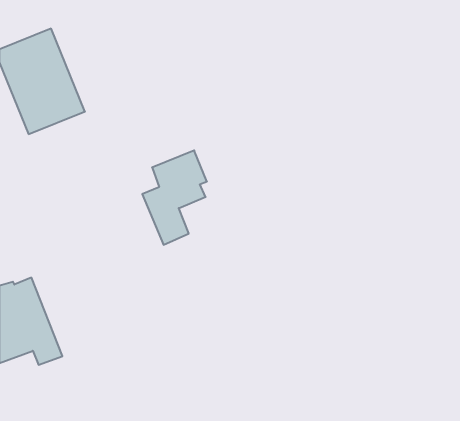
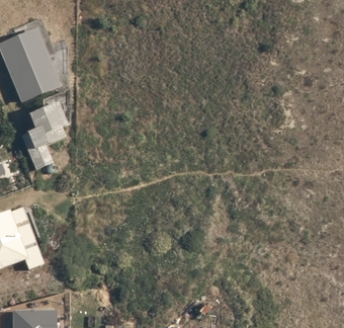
building: [142,150,207,245] -> [20,102,67,170]

